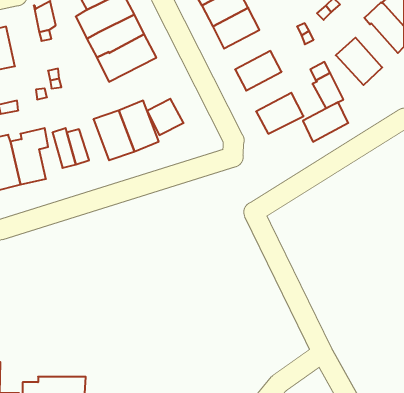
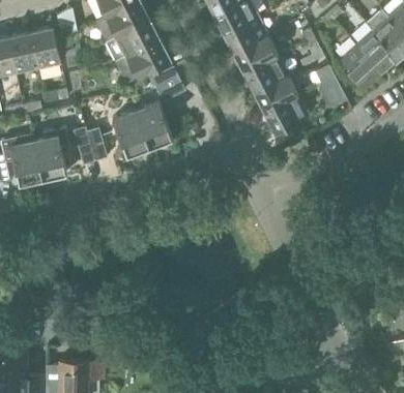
building: none -> [30,28,61,70]
building: none -> [357,30,397,71]
building: none -> [234,36,278,73]
building: [147,99,184,135] -> [151,68,185,102]
building: [303,102,348,142] -> [255,75,297,113]

